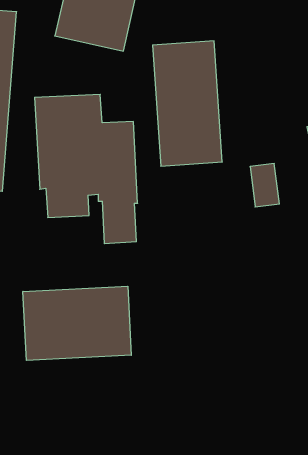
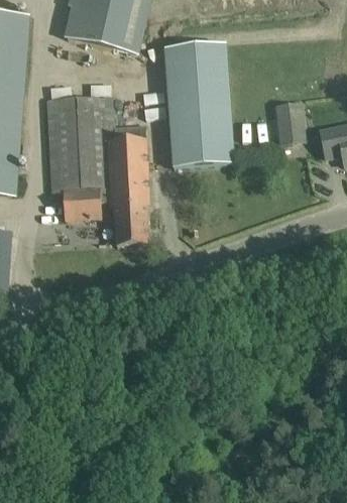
building: [250,164,279,207] -> [276,101,306,144]
building: [23,286,131,360] -> none

